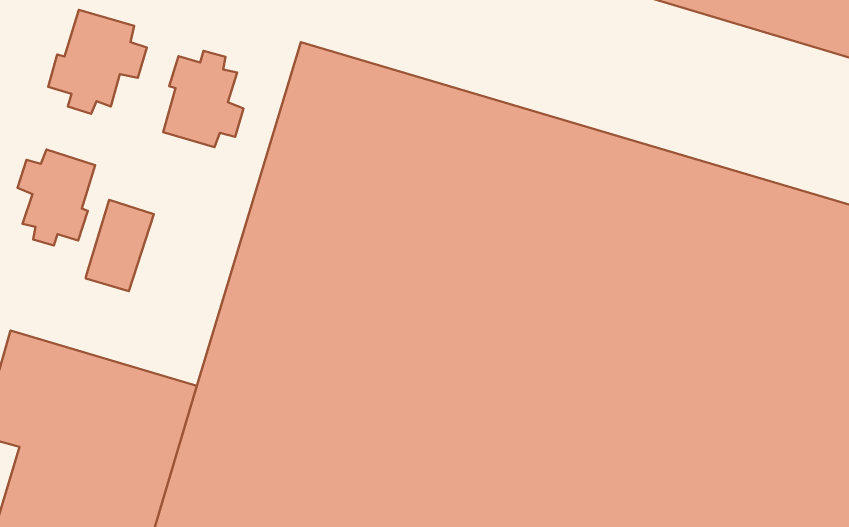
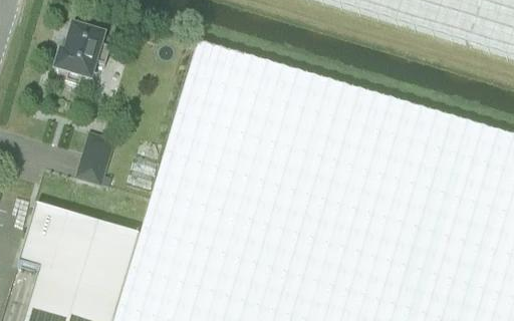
building: [163,51,244,147] -> none
building: [18,149,95,246] -> none

